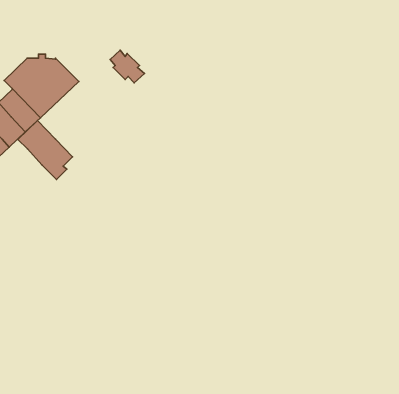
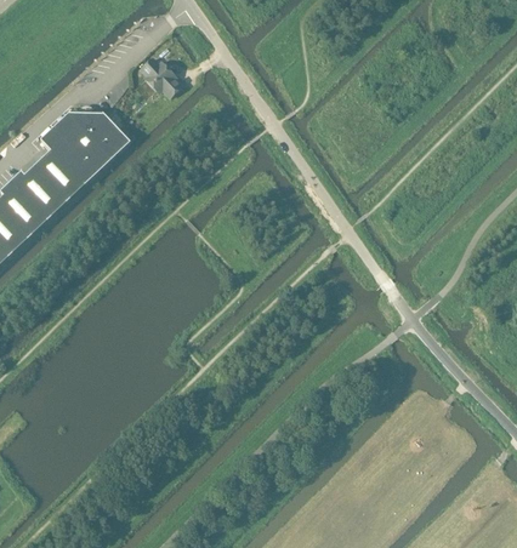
building: [110,50,144,83] -> [140,56,181,95]
building: [18,121,72,180] -> none

